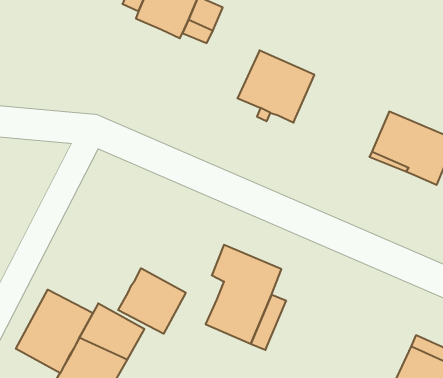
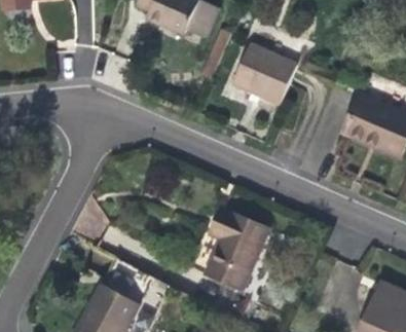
building: [118,268,186,334] -> none
building: [16,290,93,373] -> none

